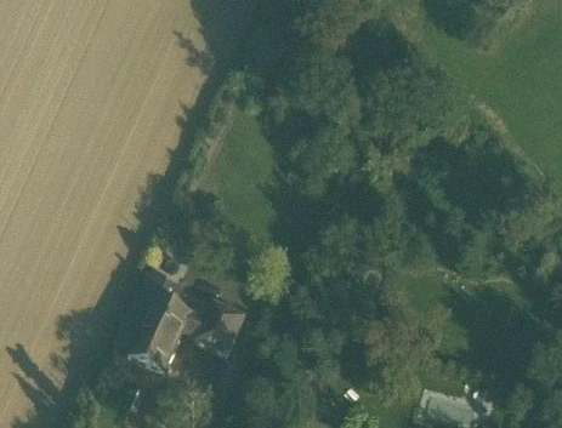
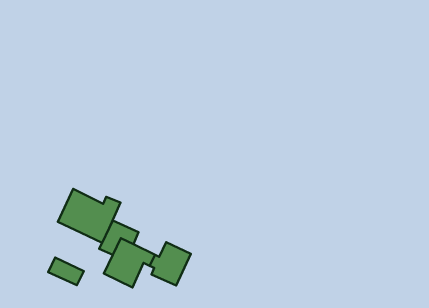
building: none -> [58,189,120,243]
building: [129,339,172,373] -> [48,258,84,285]

